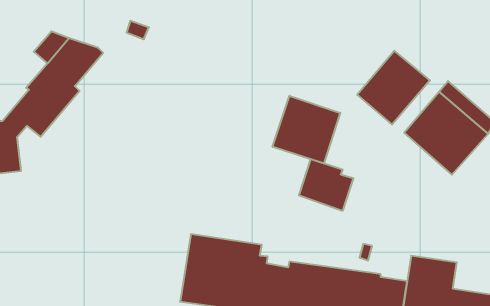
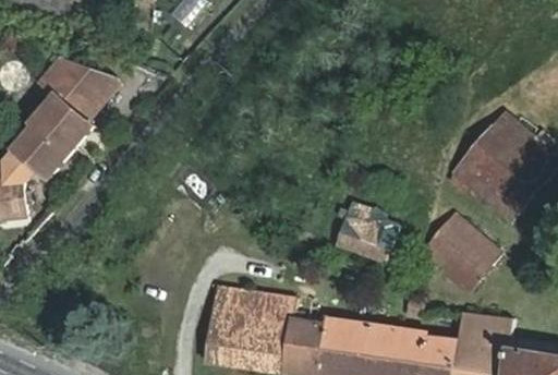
building: [357,51,430,125] -> none
building: [273,96,340,163] -> none
building: none -> [421,214,501,292]

